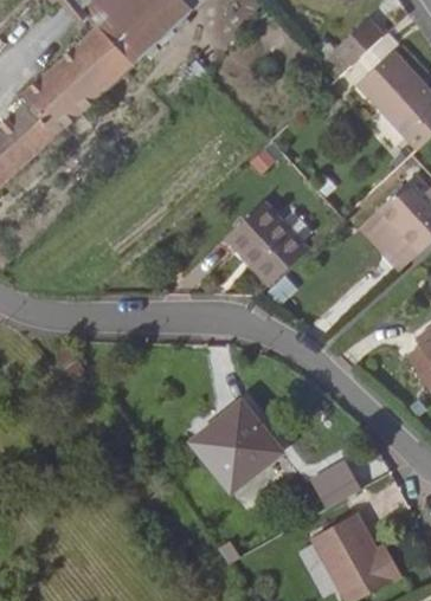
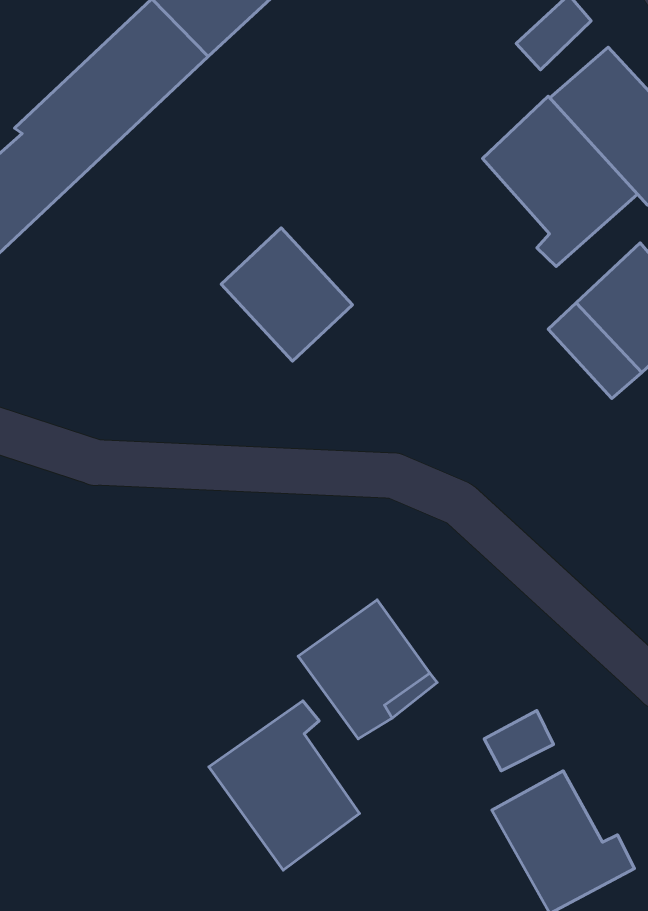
building: none -> [482,96,638,267]
building: [223,205,305,289] -> [221,228,353,361]
building: none -> [209,701,360,870]

